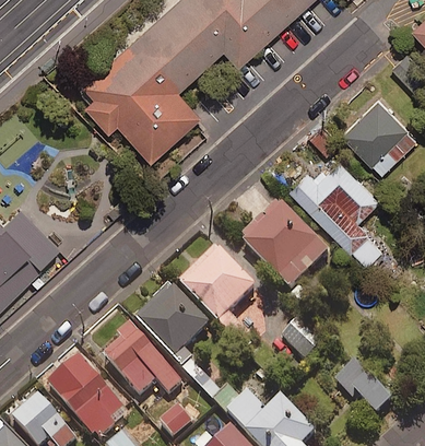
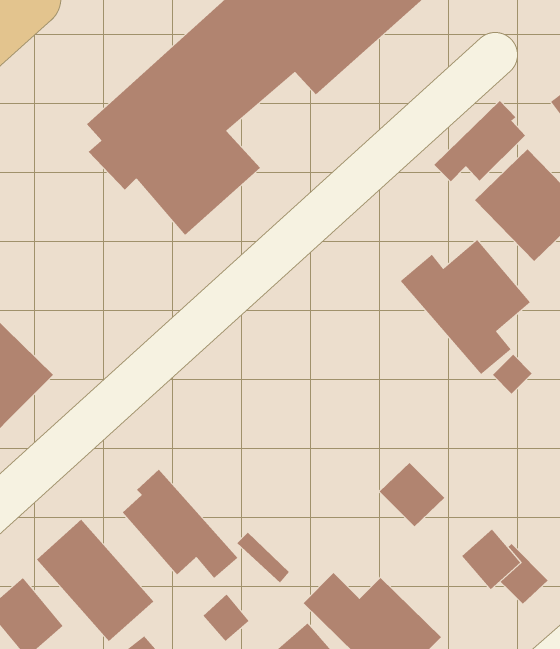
building: none -> [433,100,526,182]
building: [243,206,329,293] -> none
building: [180,245,256,319] -> none
building: [134,281,210,355] -> none

